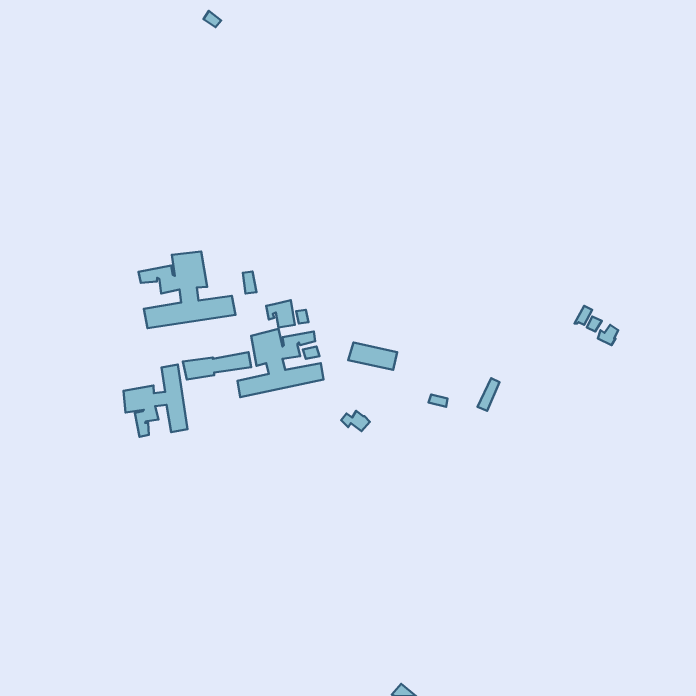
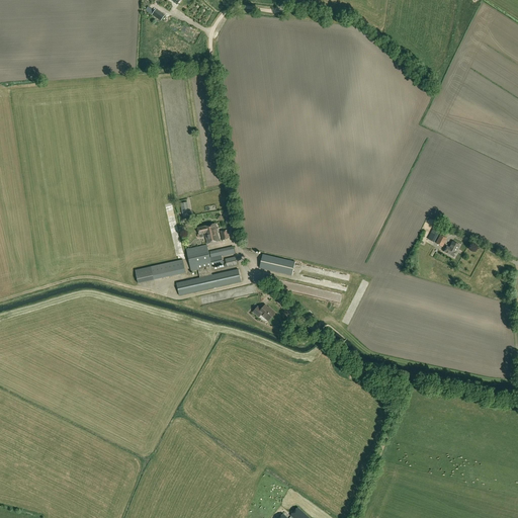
building: [138,252,235,328] -> none
building: [123,364,188,437] -> none

